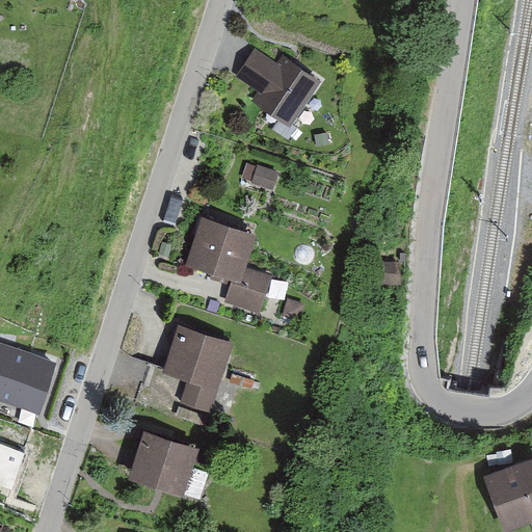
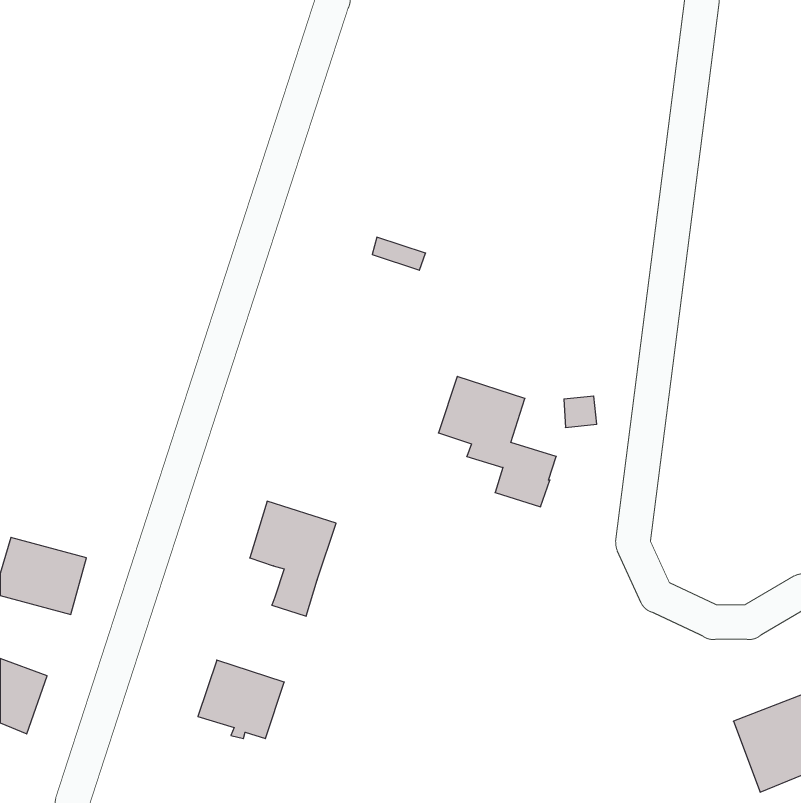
building: [229,50,307,128] -> none
building: [189,223,267,310] -> [438,376,556,507]

